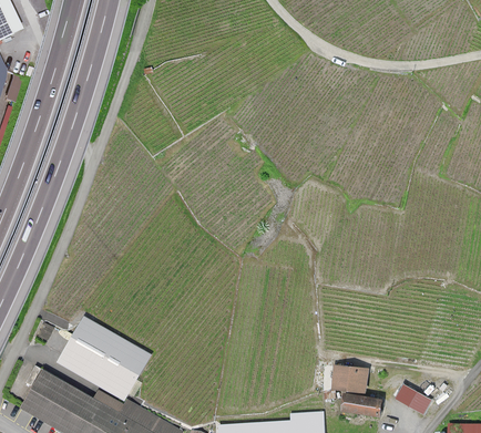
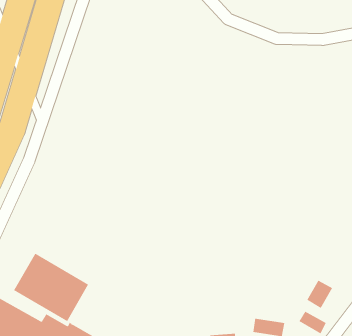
building: none -> [306,280,333,309]
building: [331,365,367,391] -> none

